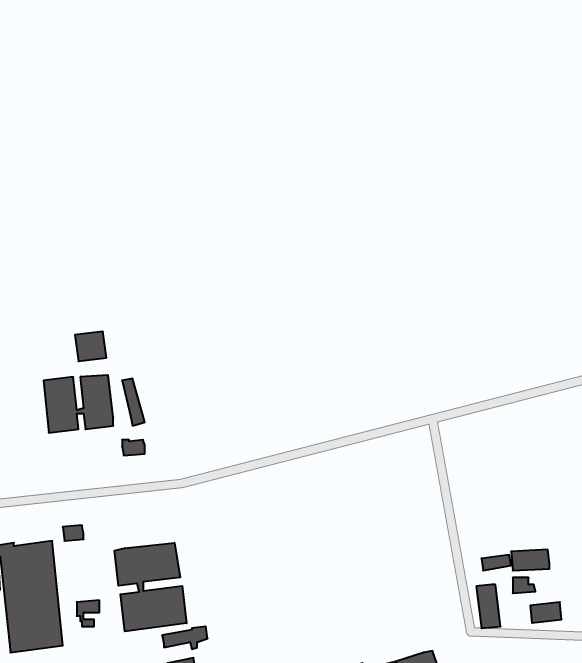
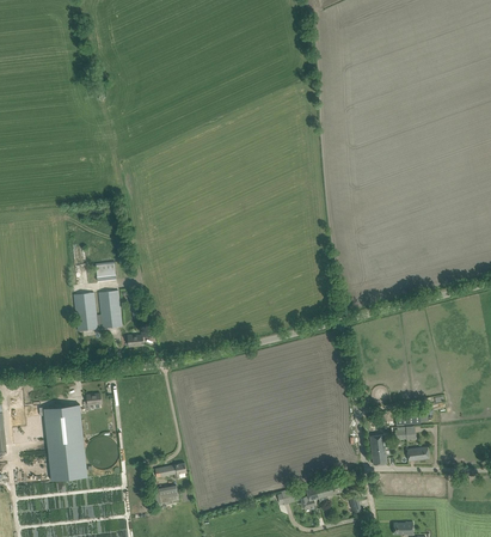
building: [115,543,187,631] -> none

